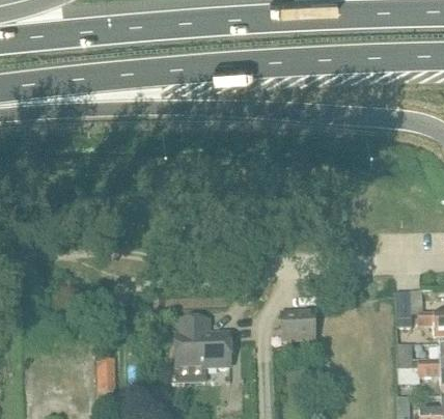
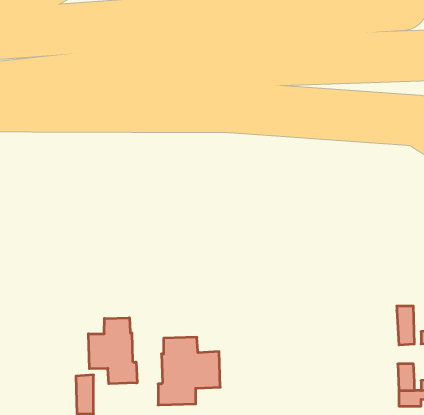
building: none -> [88,318,137,384]
building: [281,310,316,339] -> none

